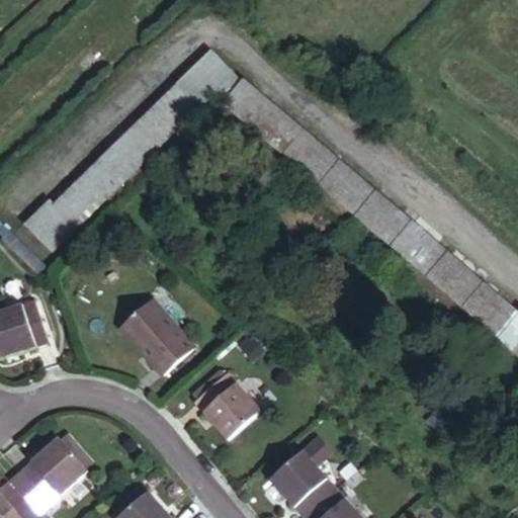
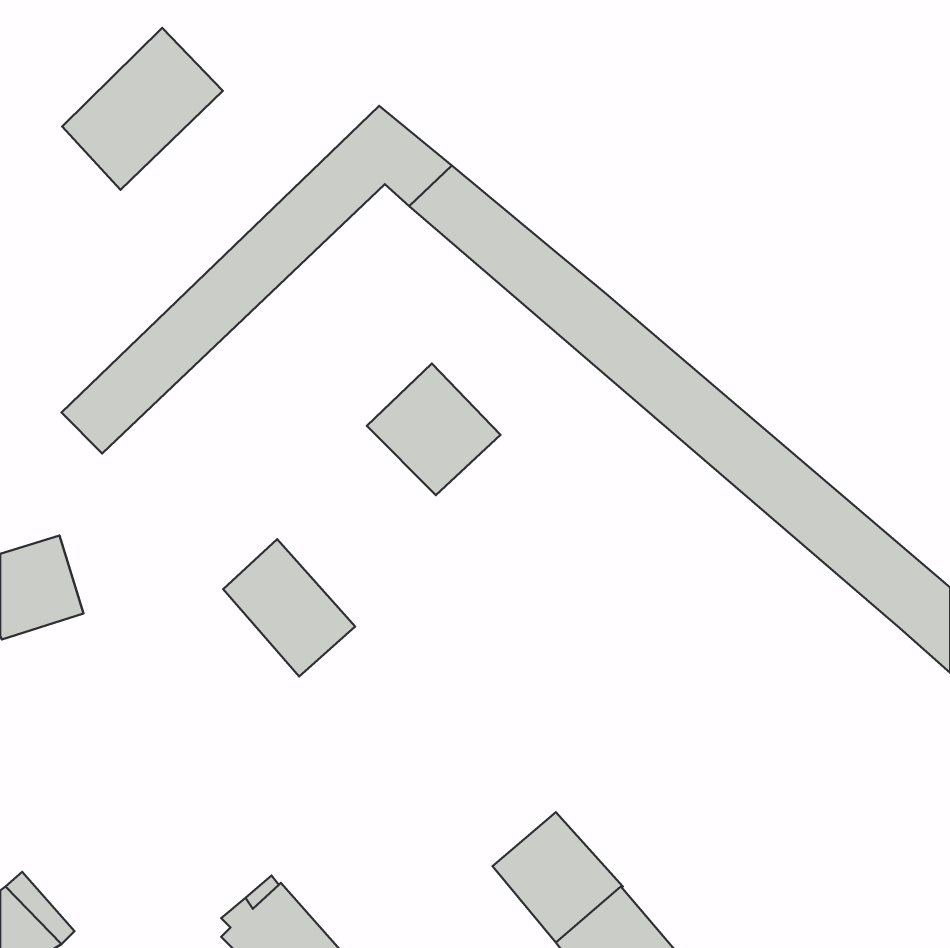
building: none -> [62,28,223,190]
building: none -> [367,363,500,495]
building: [192,367,262,438] -> none
building: [25,426,95,496] -> none

